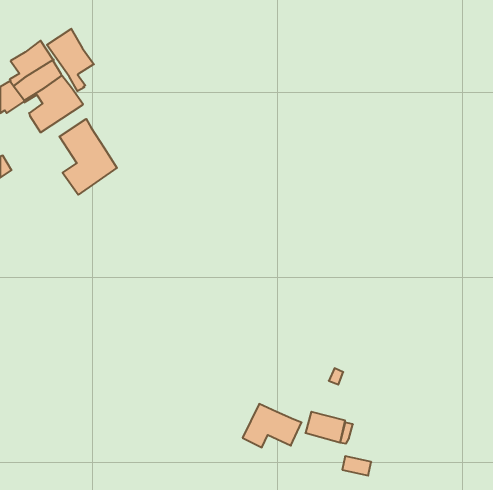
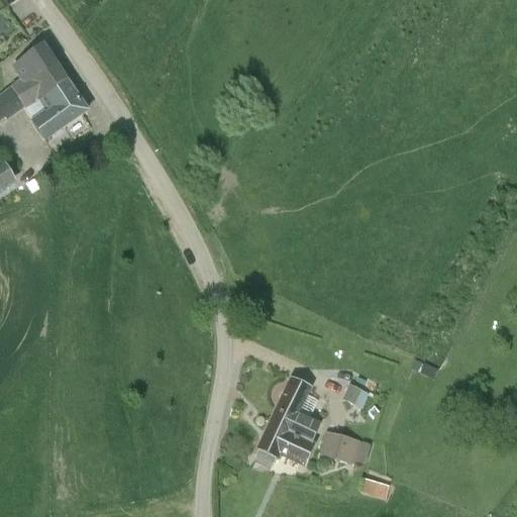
building: [47,29,94,91] -> none
building: [59,119,117,195] -> none
building: none -> [272,377,316,438]

